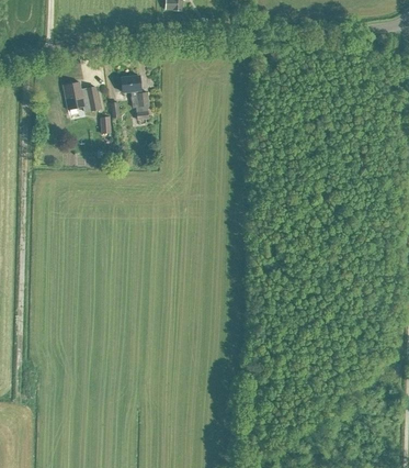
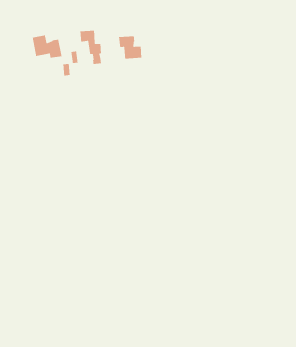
building: none -> [118,35,142,60]

